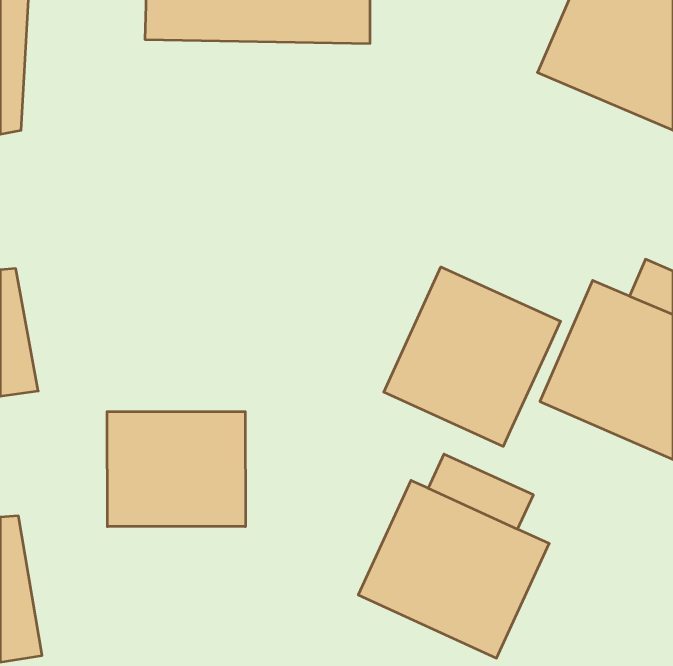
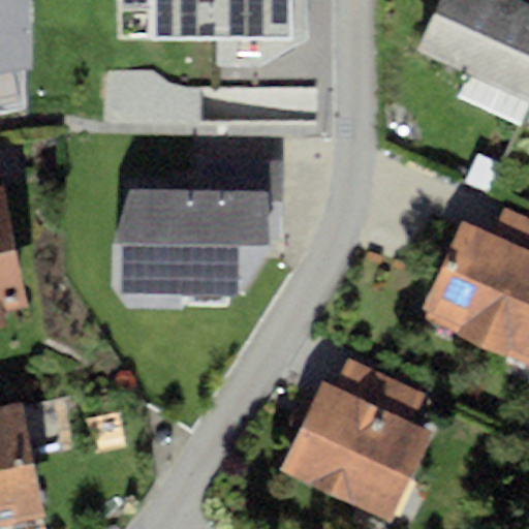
building: none -> [122,192,280,309]
building: [384,267,561,446] -> none
building: [107,412,245,527] -> none

